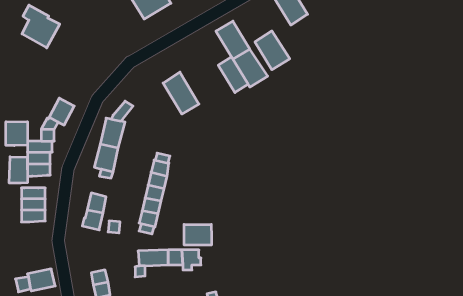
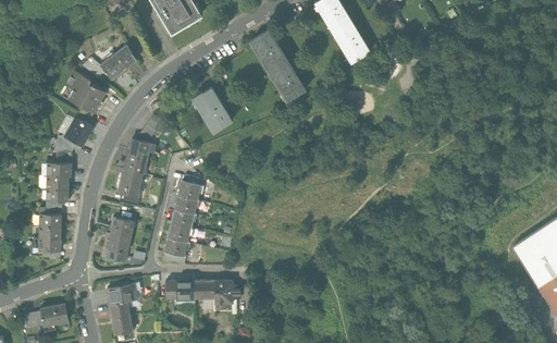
building: [22,5,60,48] -> [66,66,108,113]
building: [255,31,290,70] -> [331,23,369,65]
building: none -> [102,42,140,78]
building: [218,57,248,93] -> none
building: [6,122,27,146] -> none
building: [9,157,27,183] -> none
building: [184,224,212,245] -> none
building: none -> [110,283,138,305]

